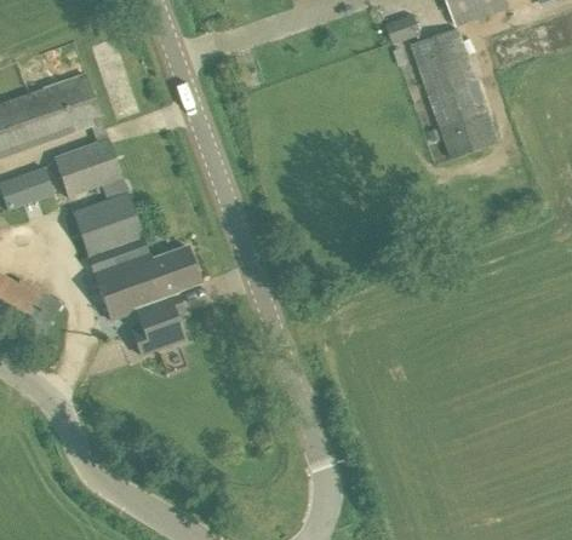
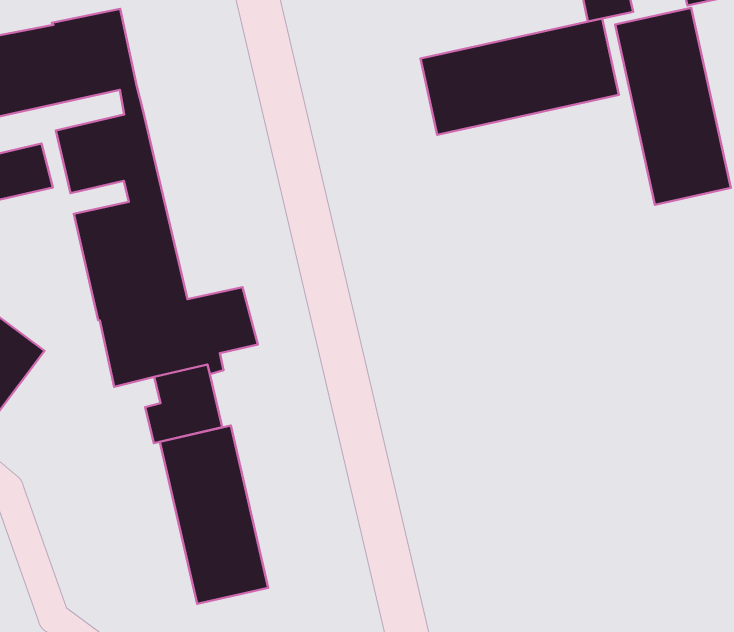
building: none -> [421,18,619,135]
building: none -> [160,426,268,604]

